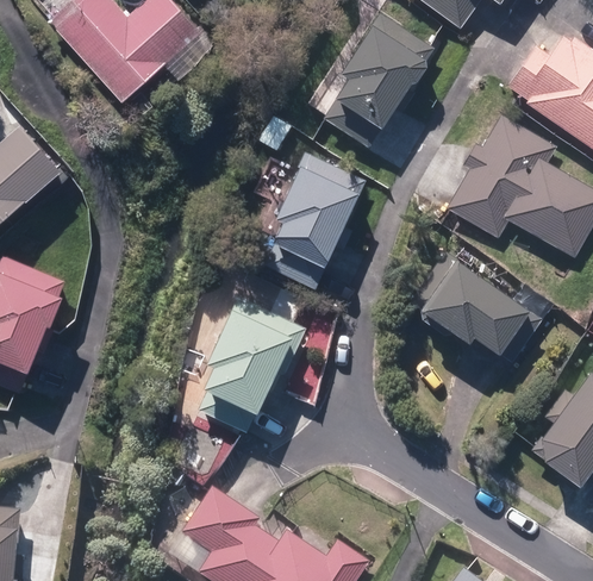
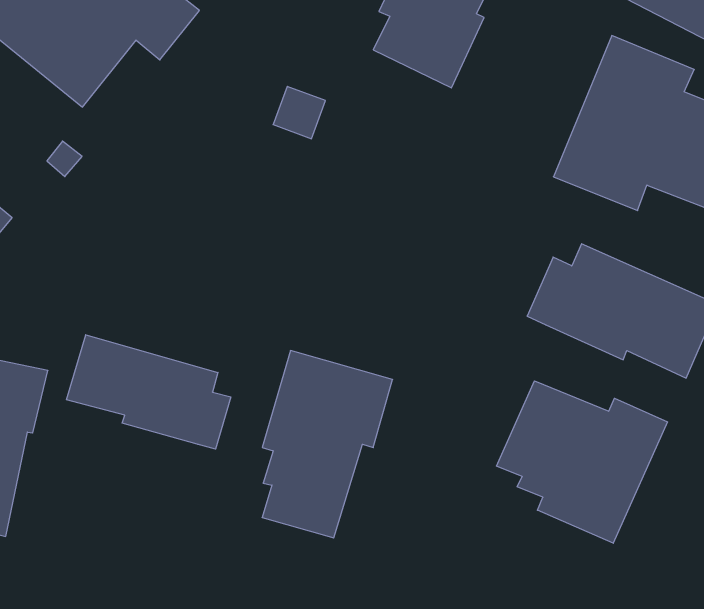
building: [260,151,366,285] -> none
building: none -> [67,335,231,449]
building: none -> [497,381,667,543]

